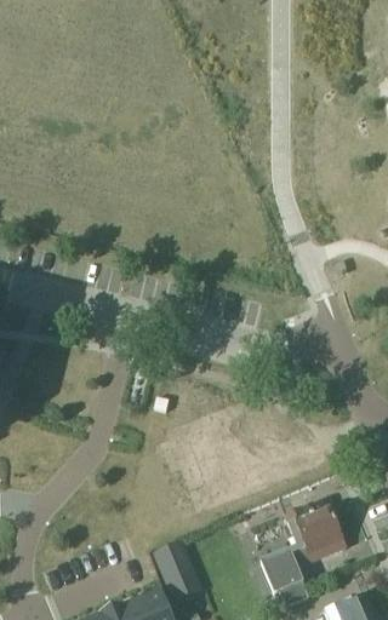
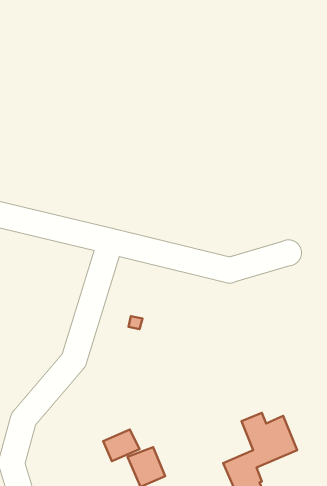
building: none -> [103,429,140,461]

